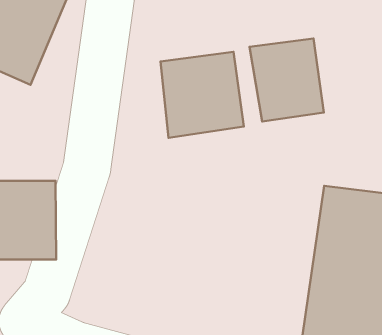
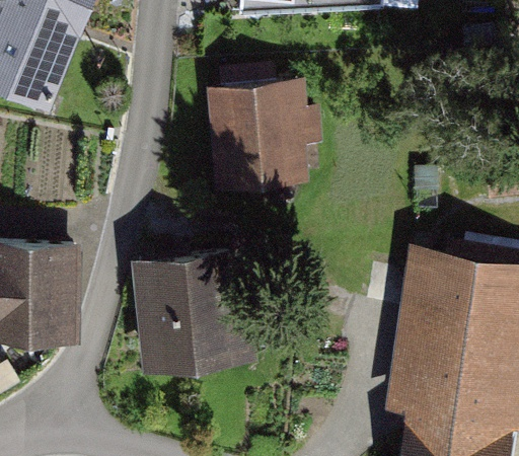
building: [250,39,324,122] -> none
building: none -> [134,247,269,376]

